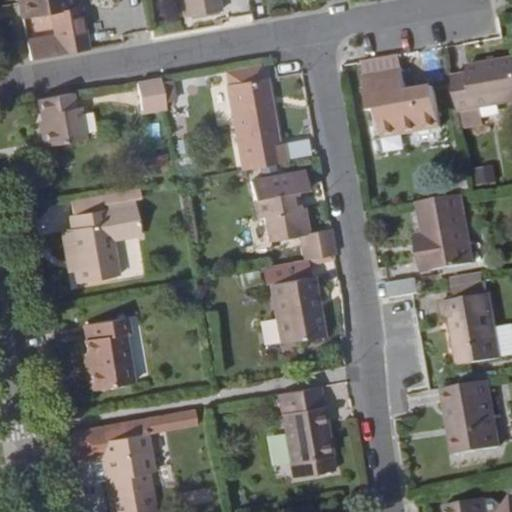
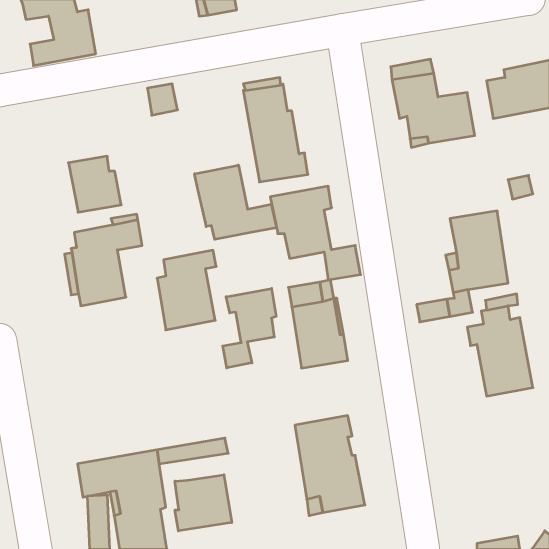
building: [39,94,88,146] -> [68,156,121,212]
building: none -> [195,165,277,239]
building: none -> [223,288,276,368]
building: [80,315,135,389] -> [157,250,216,330]
building: [431,381,496,455] -> none
building: none -> [175,475,232,531]

